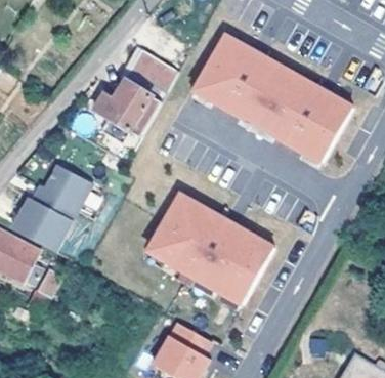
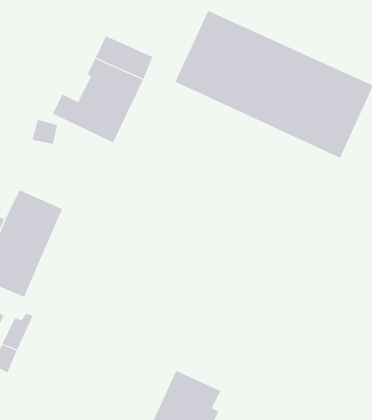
building: [144,193,271,304] -> none

